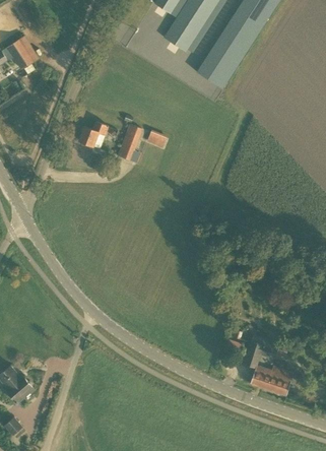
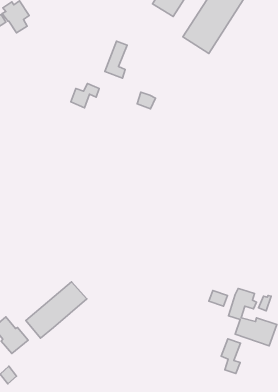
building: [118,124,141,163] -> [105,41,127,78]
building: none -> [26,282,87,338]
building: none -> [221,339,241,374]

